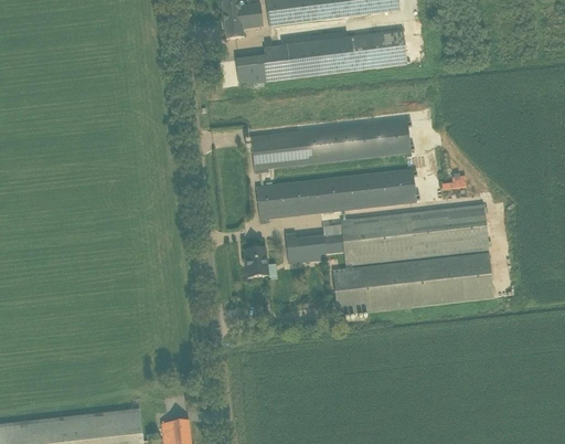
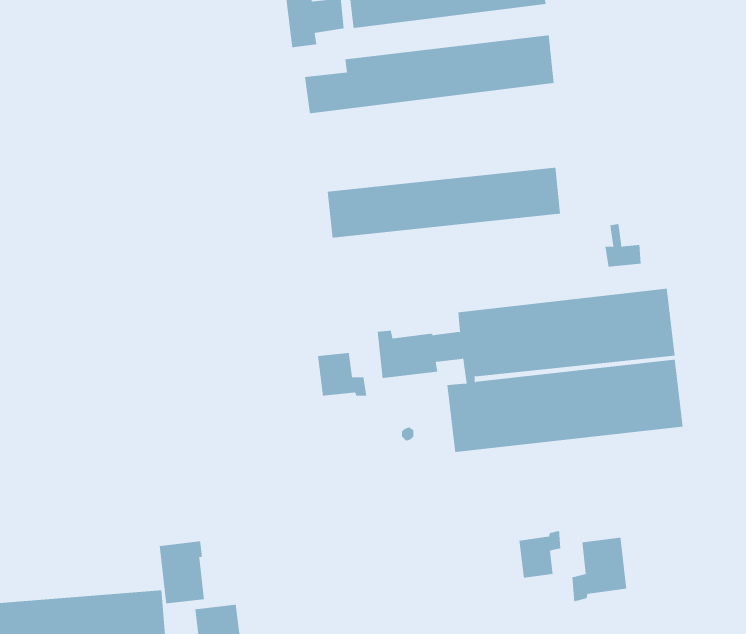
building: [256,167,416,219] -> none
building: none -> [519,530,561,578]
building: none -> [572,537,627,602]
building: none -> [159,541,204,604]

